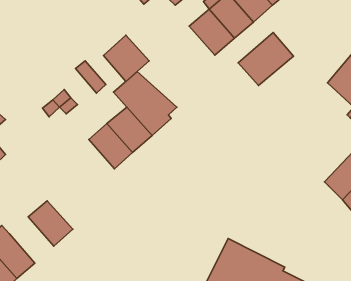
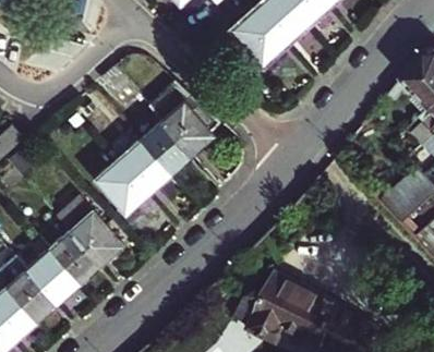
building: [238,32,293,86] -> none
building: [104,35,149,81] -> none
building: none -> [95,162,146,215]
building: none -> [56,199,120,266]
building: none -> [25,252,76,305]

